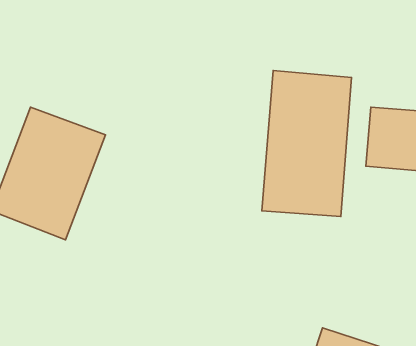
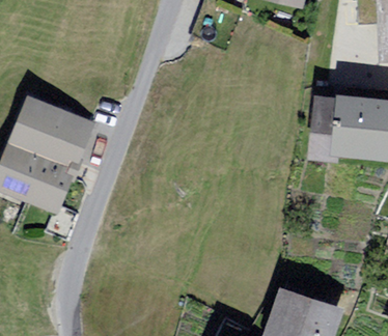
building: [262,70,352,217] -> none

